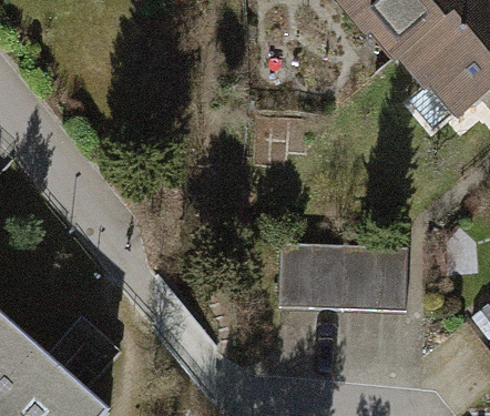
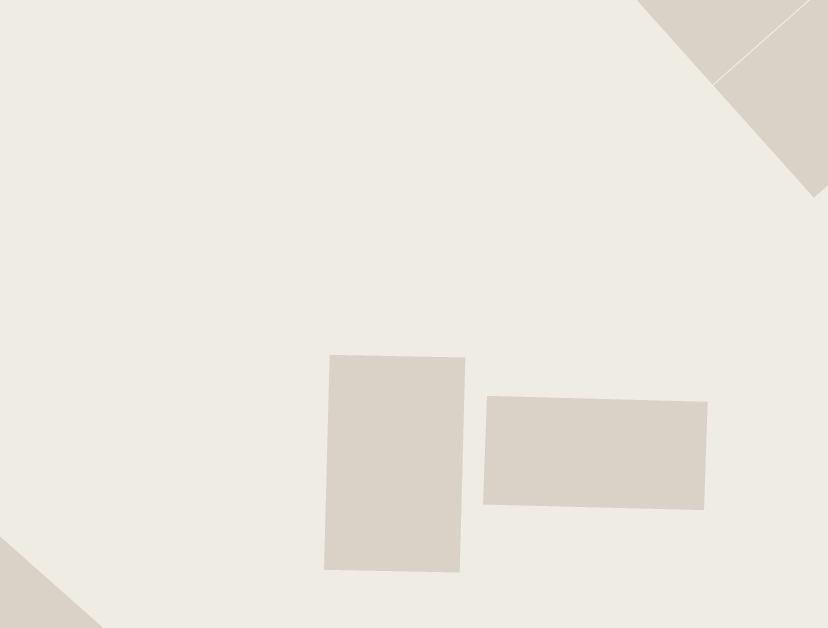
building: none -> [323,354,466,573]

